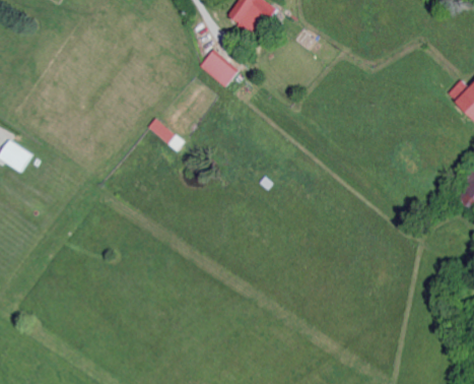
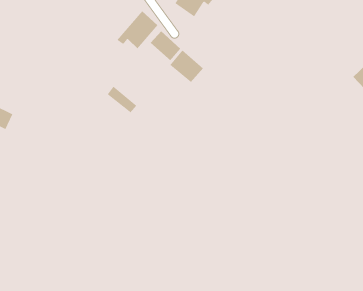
building: none -> [116,11,158,49]
building: none -> [170,50,204,83]

